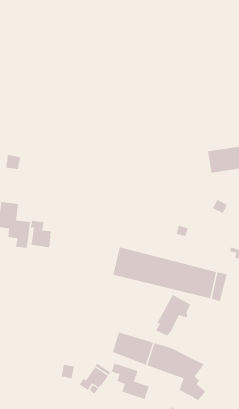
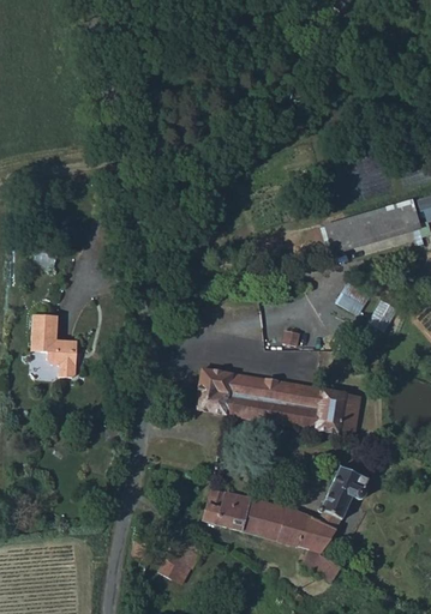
building: [30,220,51,248] -> none
building: [155,294,191,336] -> [322,466,371,528]
building: [111,363,150,400] -> none

